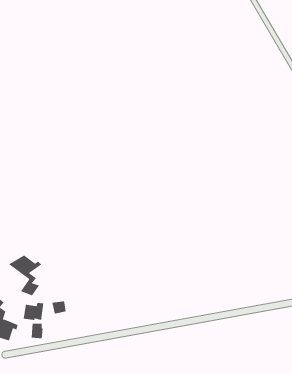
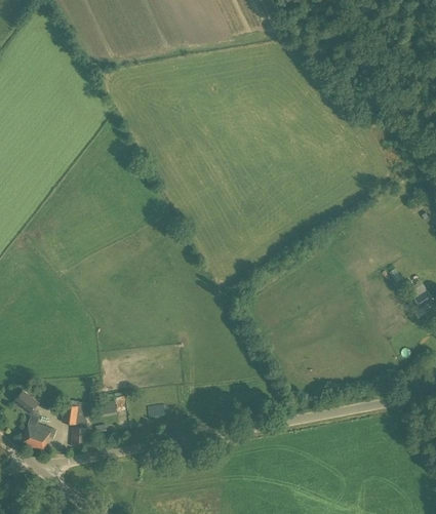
building: [8,255,43,296] -> none

